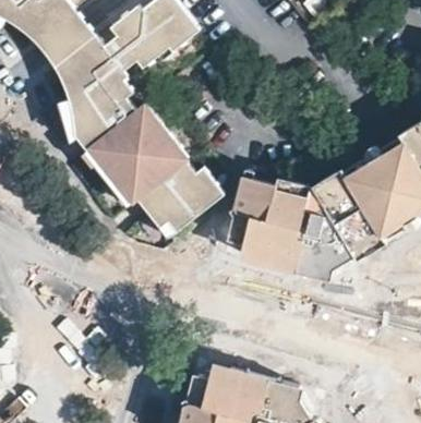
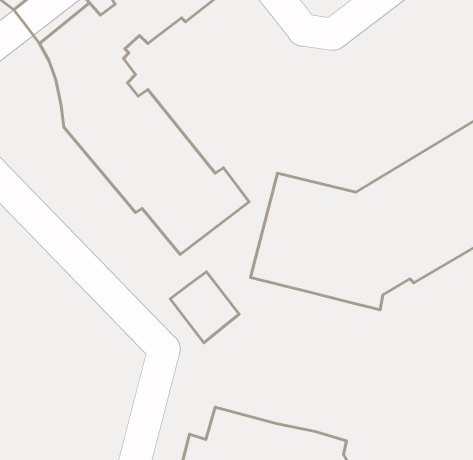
building: none -> [170,272,239,343]

